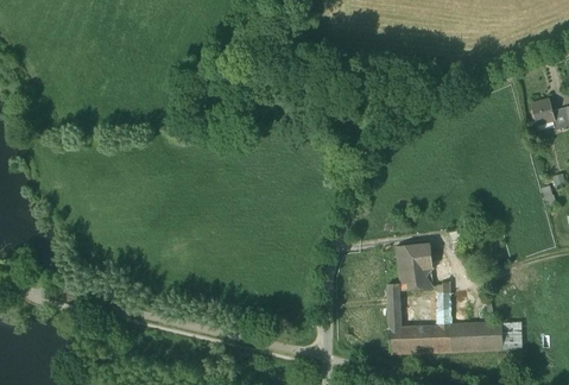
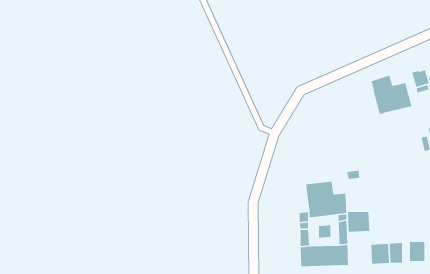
building: none -> [370,74,412,115]
building: none -> [409,241,425,262]
building: [450,324,480,352] -> [347,211,370,232]

